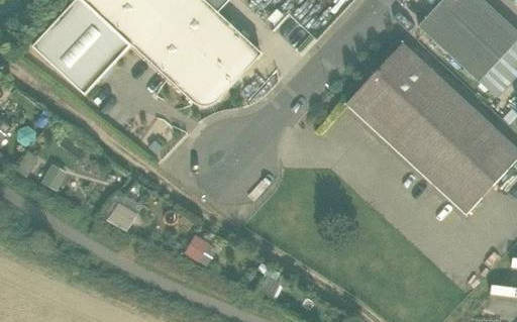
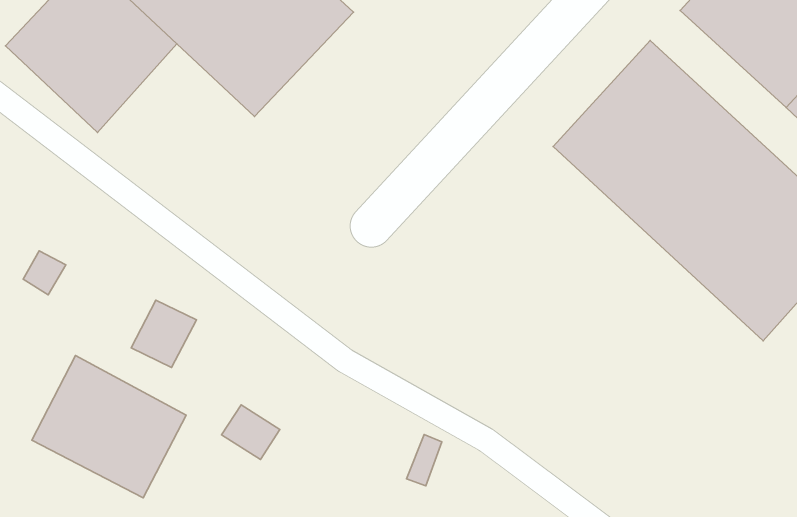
building: [175,25,261,105] -> none
building: none -> [32,355,186,498]
building: [184,232,217,263] -> [222,405,280,459]

